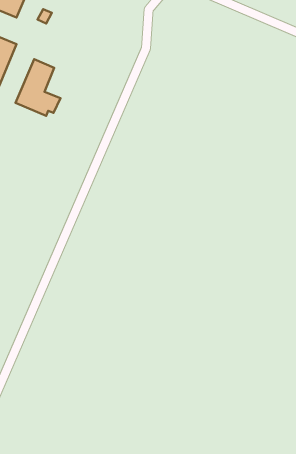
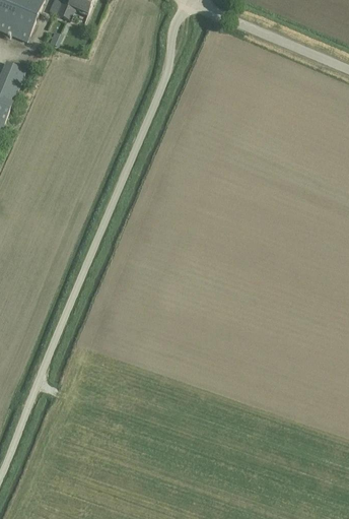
building: [16,59,61,116] -> none

